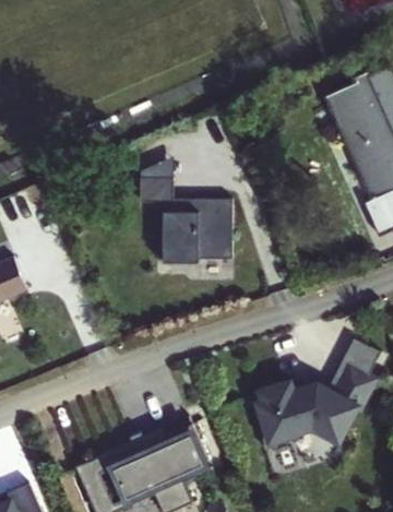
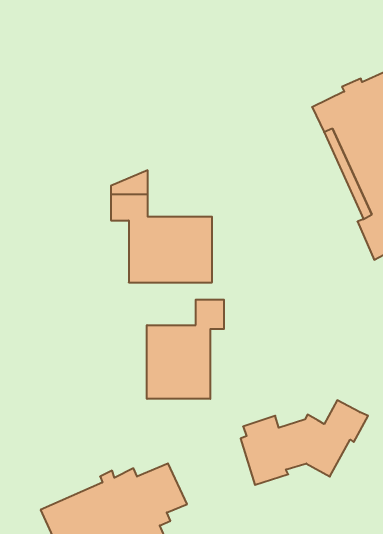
building: none -> [147,300,224,399]
building: [330,340,382,390] -> none

